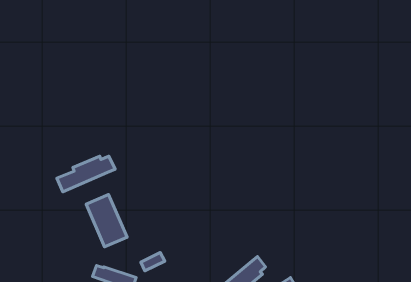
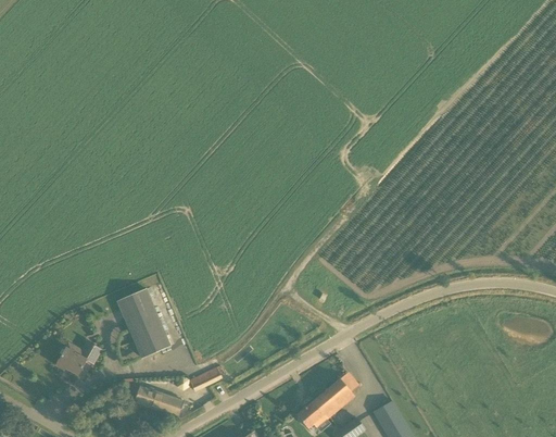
building: [57,156,115,192] -> none
building: none -> [56,342,101,375]

